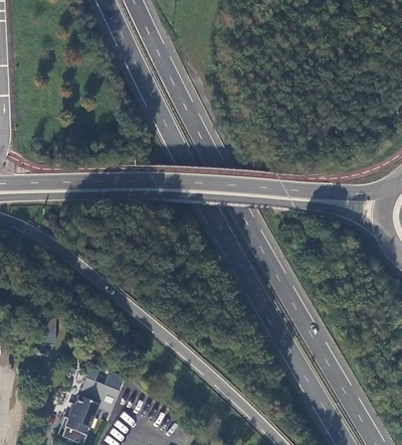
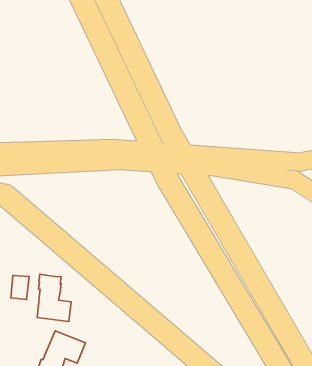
building: none -> [37,274,71,322]

